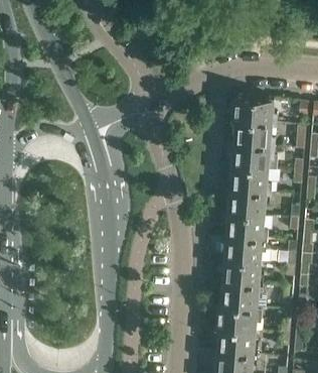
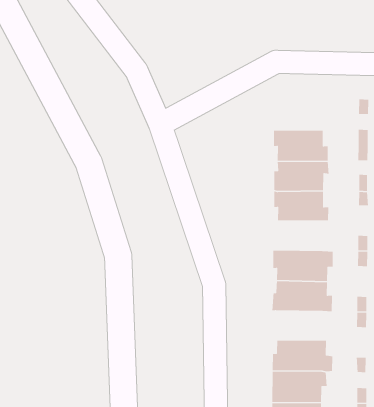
building: [232,98,276,126] -> none
building: [225,192,270,217] -> none
building: [220,260,263,285] -> none

